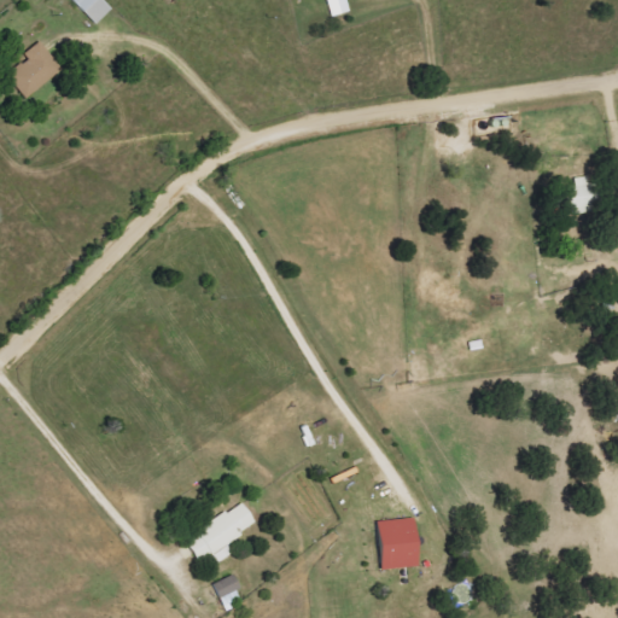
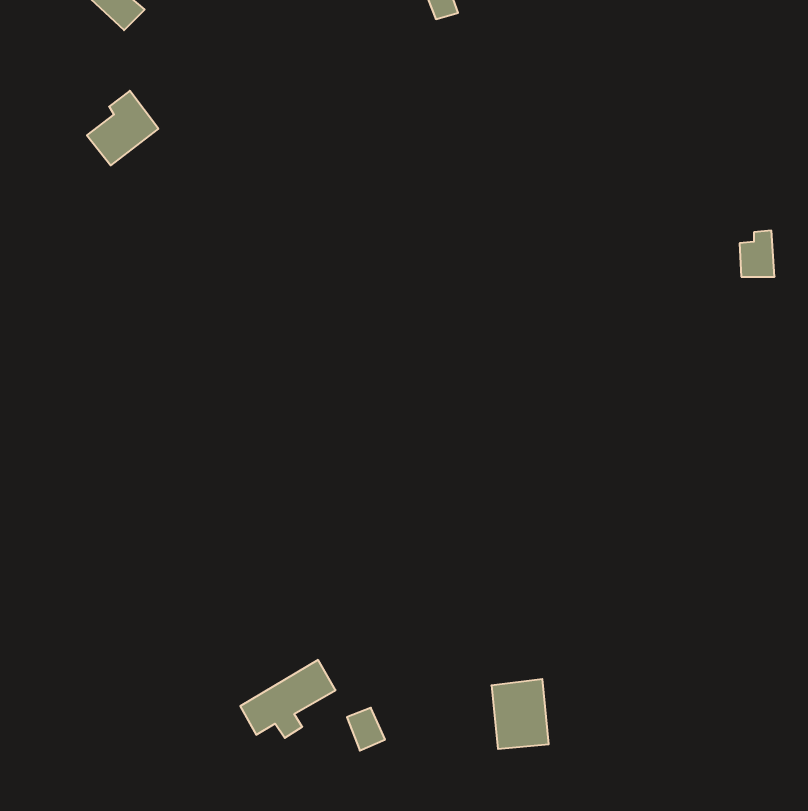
building: [8,40,63,97] -> [87,91,158,165]
building: [216,573,245,606] -> [347,708,385,751]

